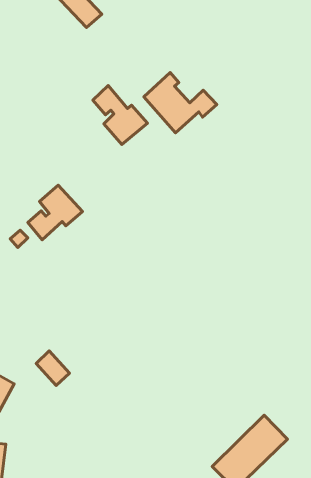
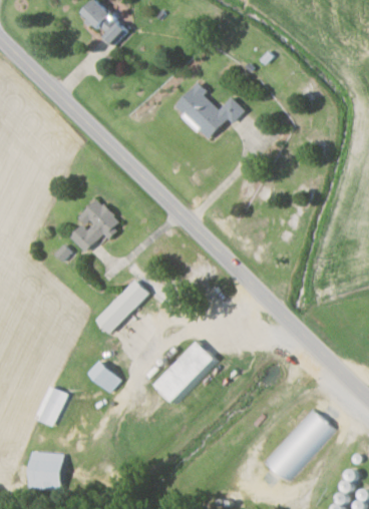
building: [93,86,147,145] -> none
building: none -> [94,280,149,333]
building: none -> [151,339,217,405]

